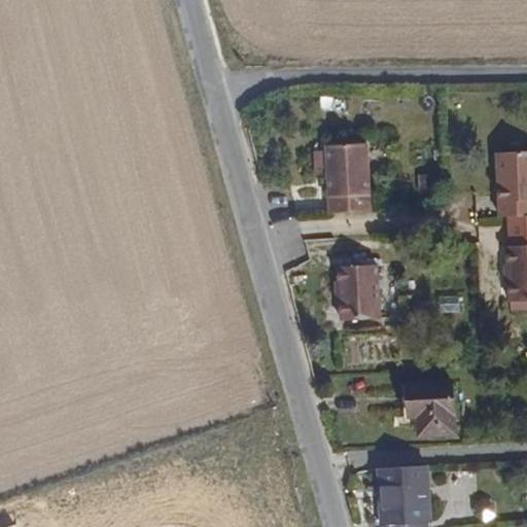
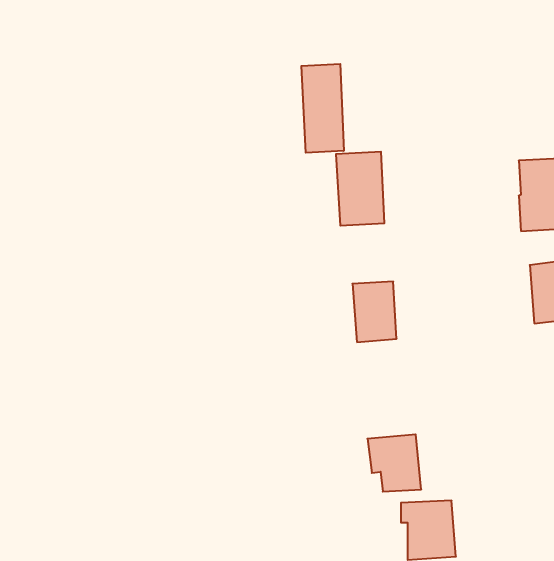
building: none -> [301,64,344,153]
building: [408,384,458,437] -> [367,434,421,492]

